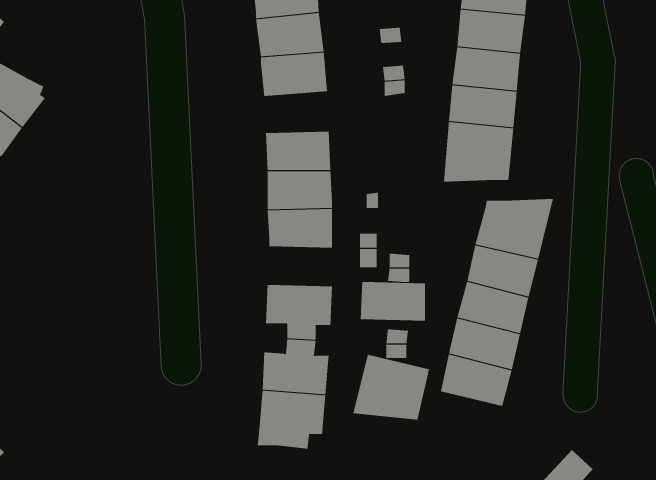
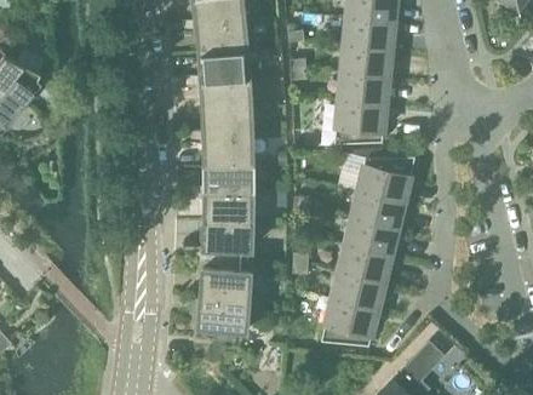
building: none -> [204,76,252,107]
building: [360,281,426,321] -> [206,190,254,219]
building: [352,354,430,420] -> [322,297,379,345]

